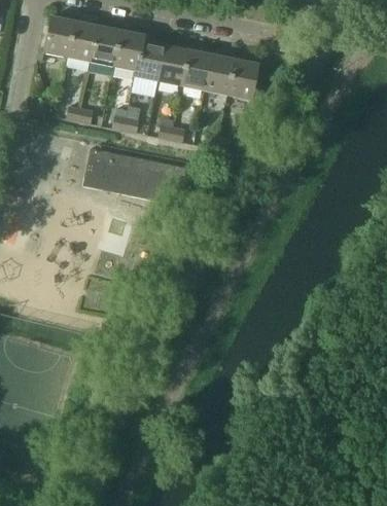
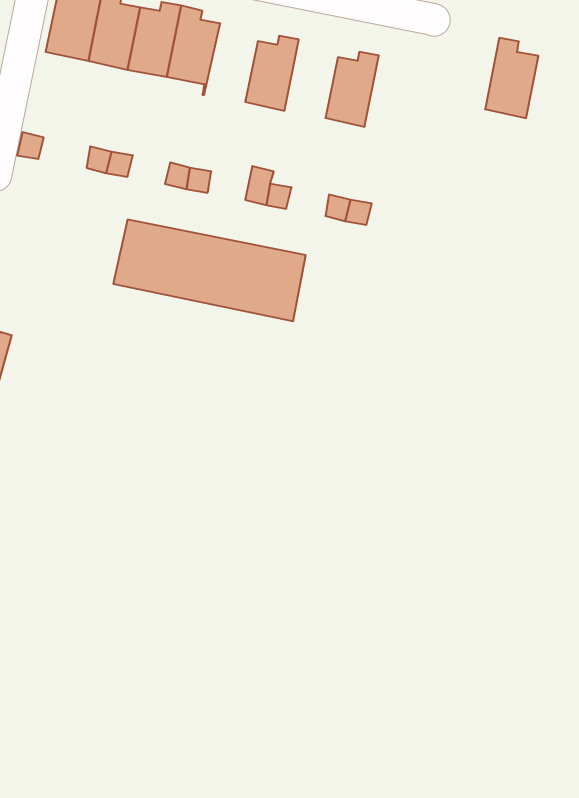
building: [133,35,164,80] -> none
building: [179,44,210,89] -> none
building: [225,53,256,100] -> [485,38,538,118]

